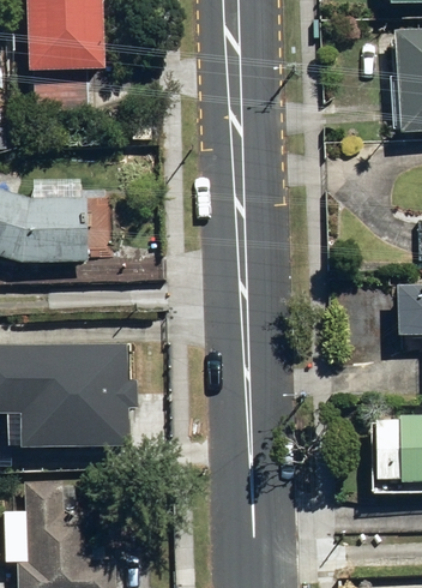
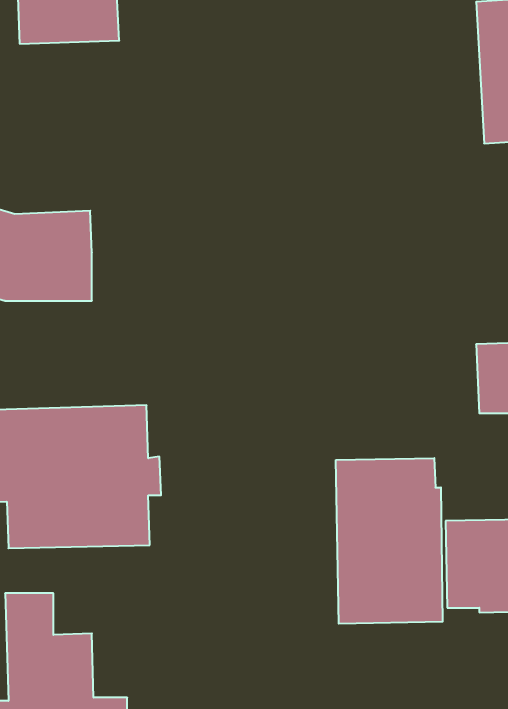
building: none -> [336,458,443,624]

